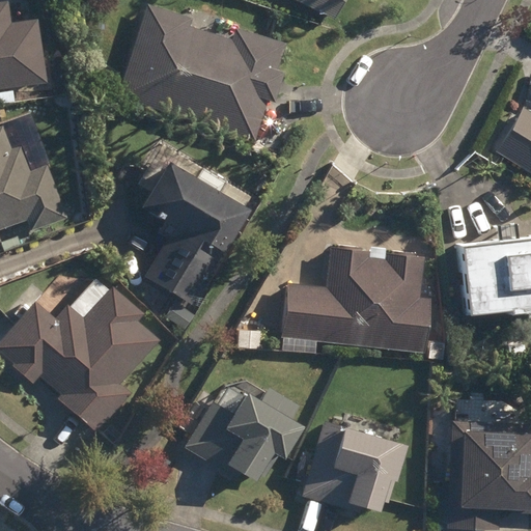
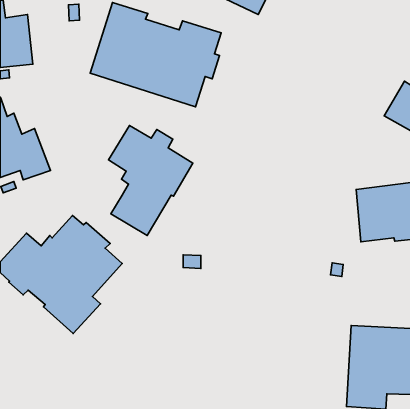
building: [278,245,429,348] -> none
building: [184,387,303,483] -> none
building: [303,422,409,513] -> none

